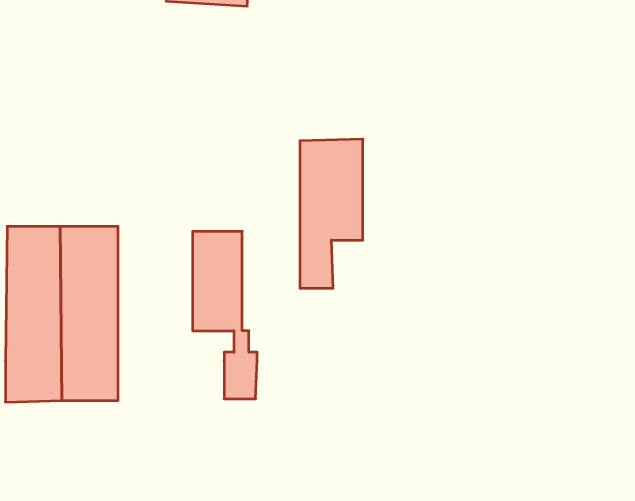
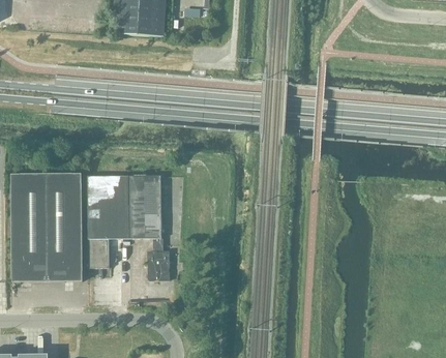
building: [300,139,363,288] -> [89,175,128,268]

